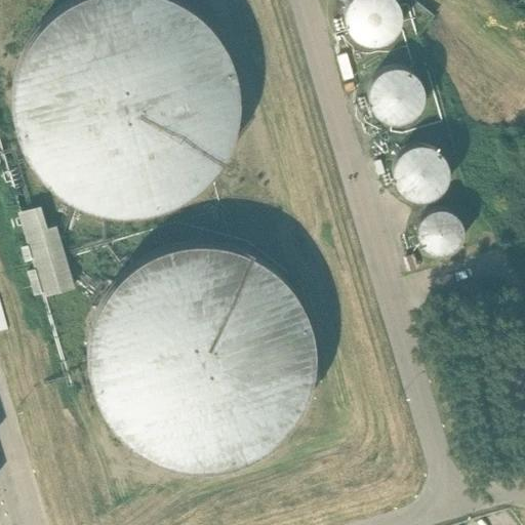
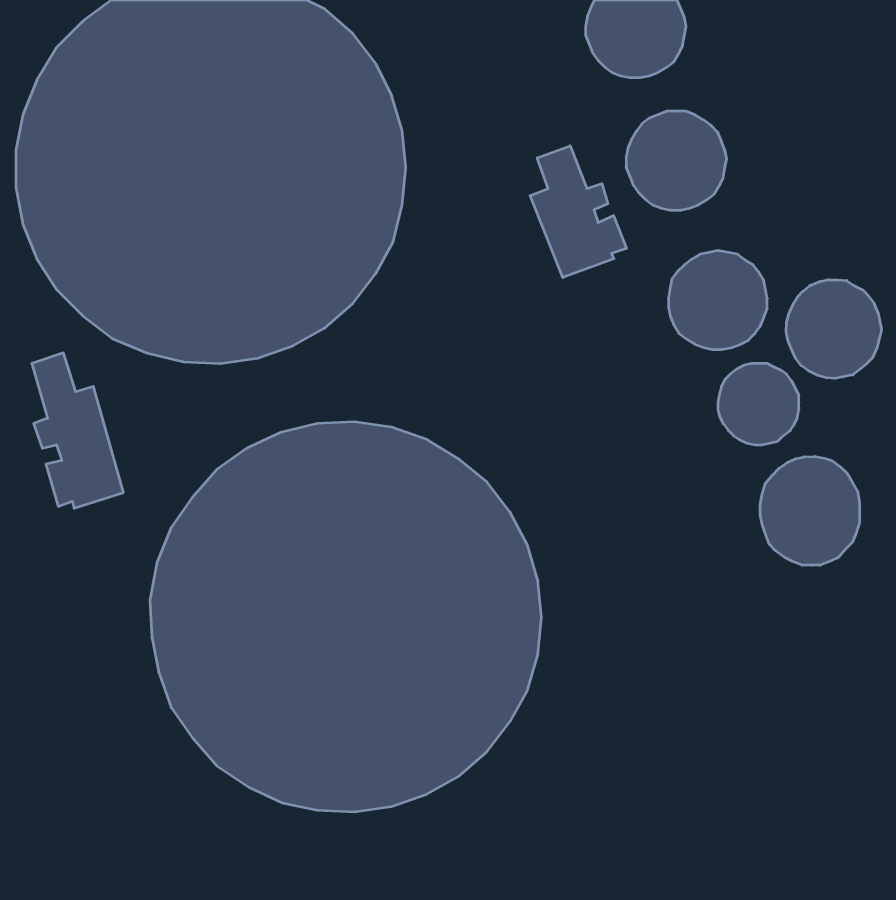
building: none -> [530,146,626,278]
building: none -> [786,280,881,378]
building: none -> [760,456,860,565]

